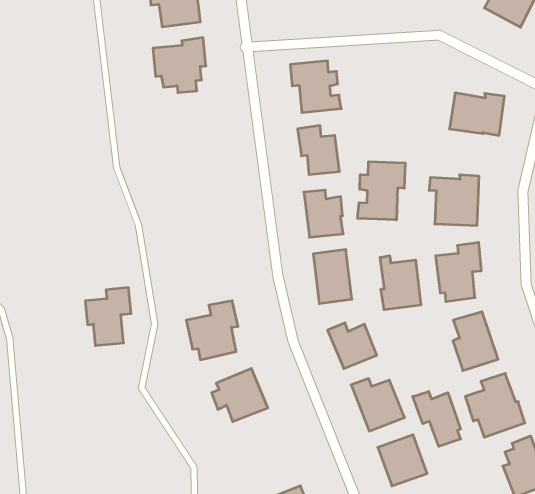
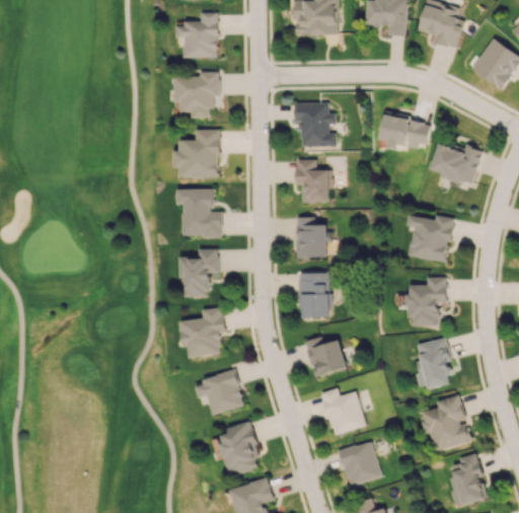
building: none -> [380,111,431,150]
building: none -> [173,129,221,177]
building: [358,162,405,220] -> none
building: none -> [177,189,222,236]
building: [380,256,421,310] -> none
building: [85,288,131,346] -> [179,248,219,297]
building: [413,391,461,446] -> none
building: none -> [220,422,261,474]

